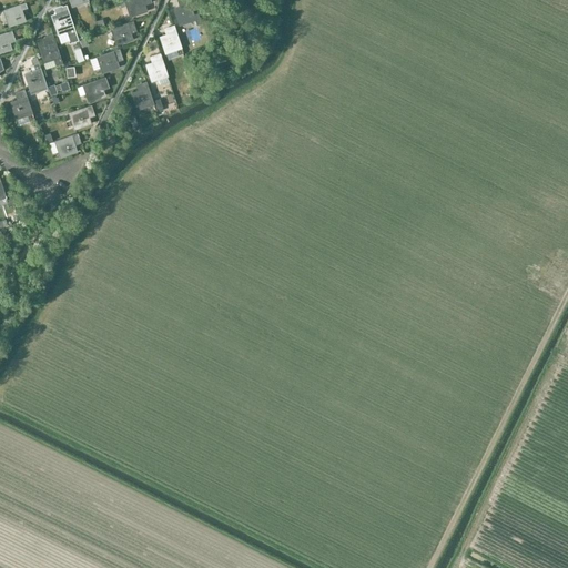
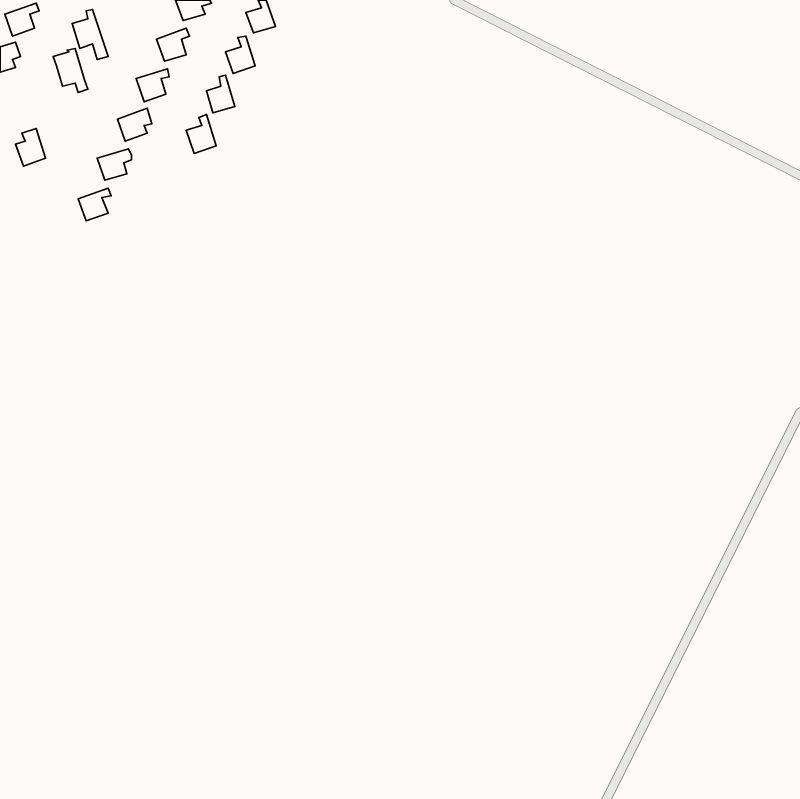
building: [26,58,48,94] -> none

